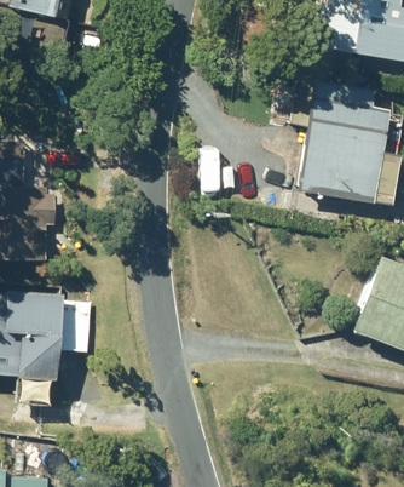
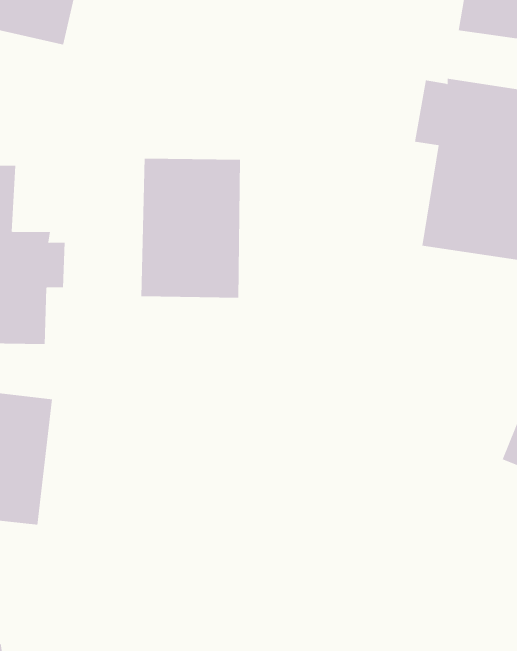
building: none -> [141,158,241,299]

